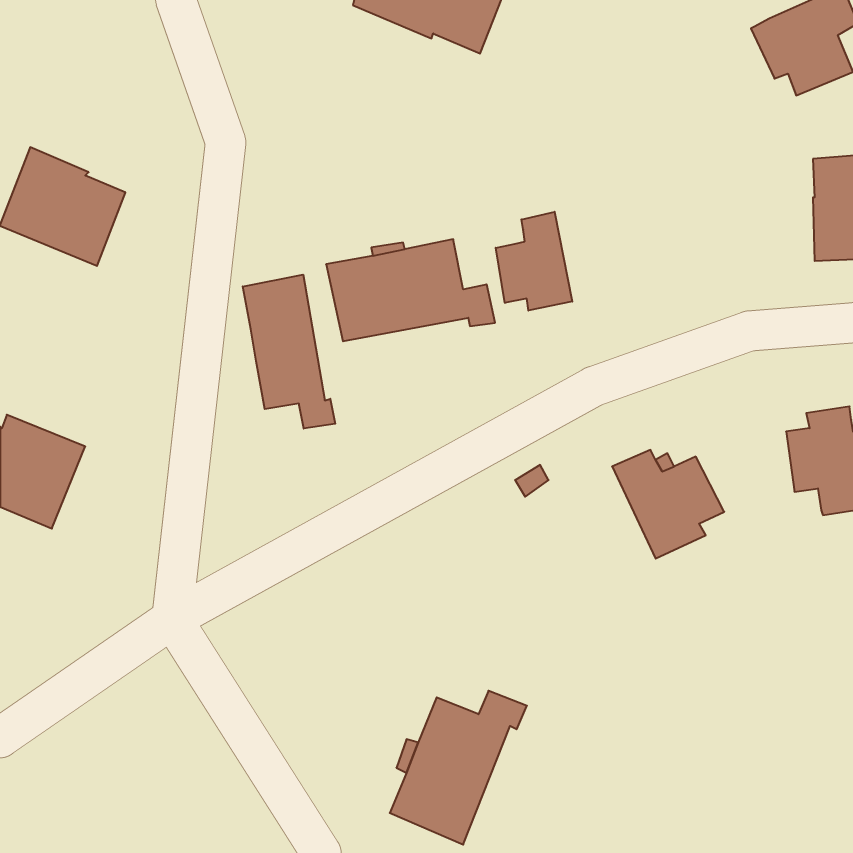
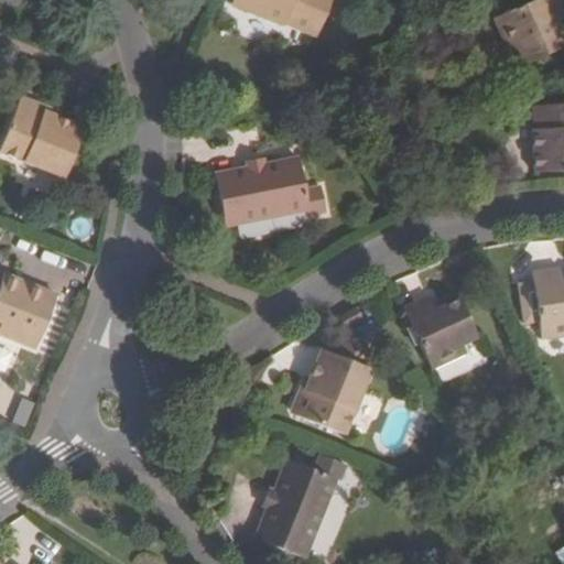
building: [496,212,572,311] -> none
building: [243,275,335,429] -> none
building: none -> [292,341,371,432]

